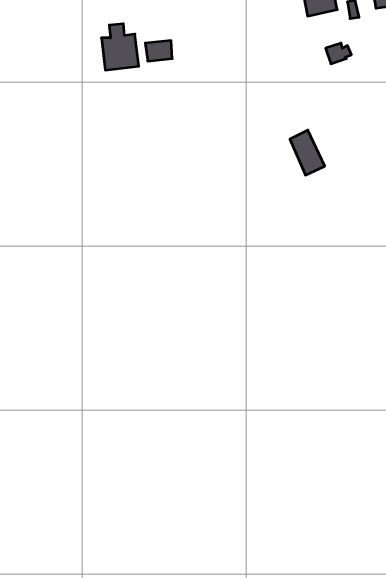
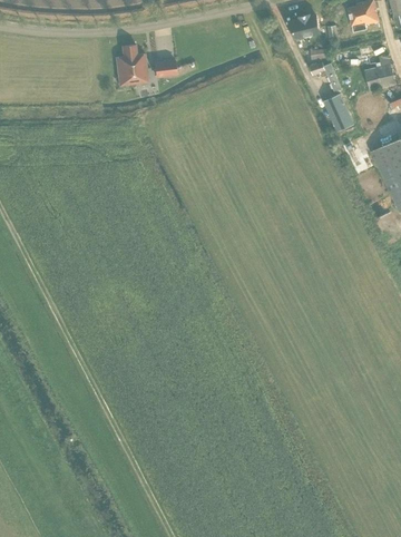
building: [290,130,325,175] -> [323,91,353,130]

